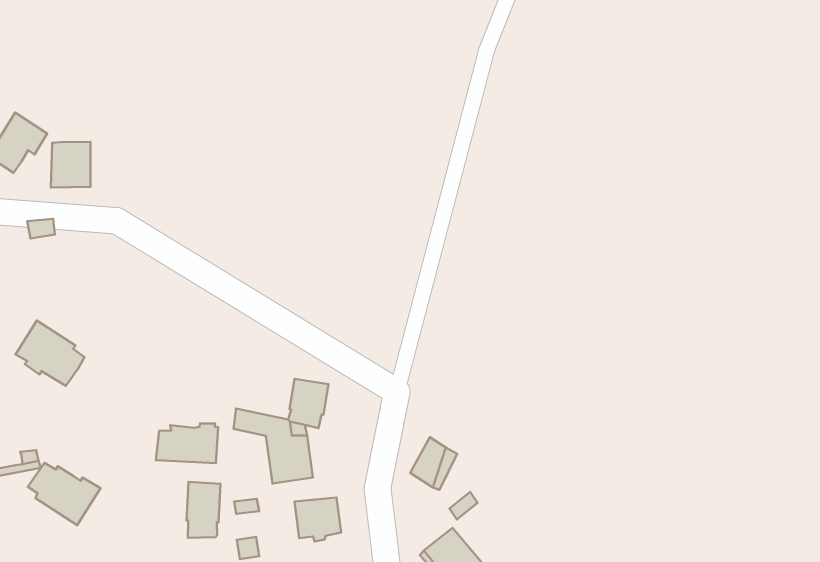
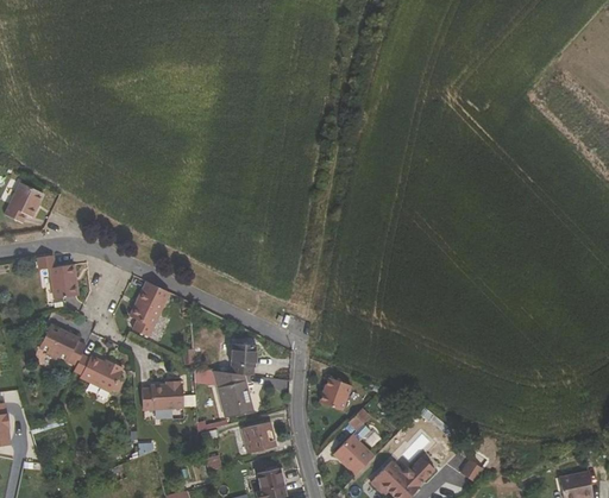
building: [51,142,91,188] -> [49,264,79,298]
building: none -> [131,280,170,338]
building: [28,463,100,525] -> [73,353,123,393]
building: [186,482,221,538] -> none

